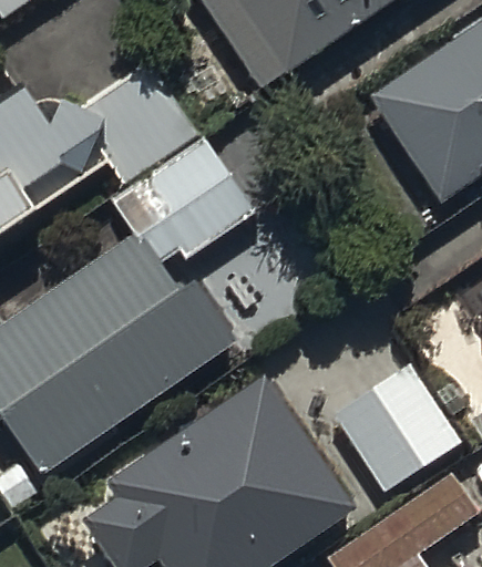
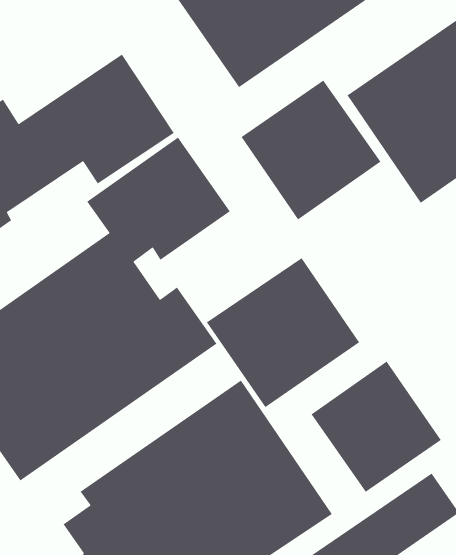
building: none -> [240,79,382,221]
building: none -> [206,257,360,408]

